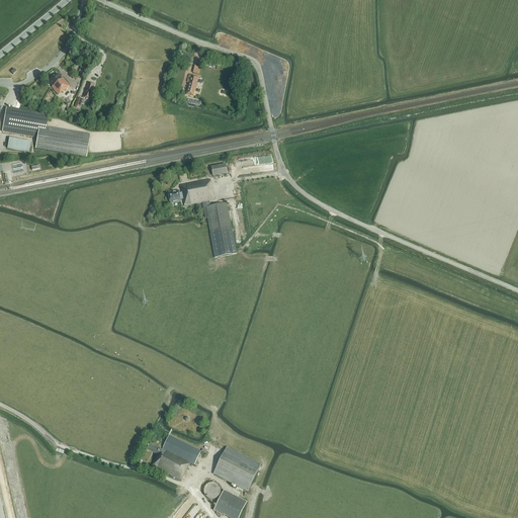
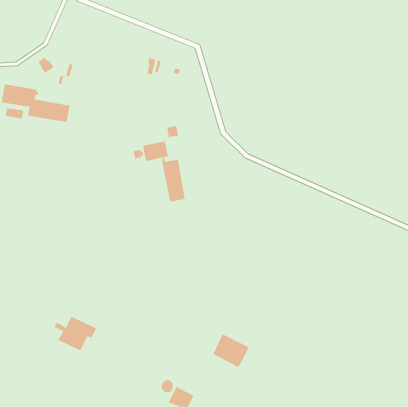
building: [146,434,200,479] -> [54,316,97,351]
building: [213,445,260,489] -> [213,333,249,368]

